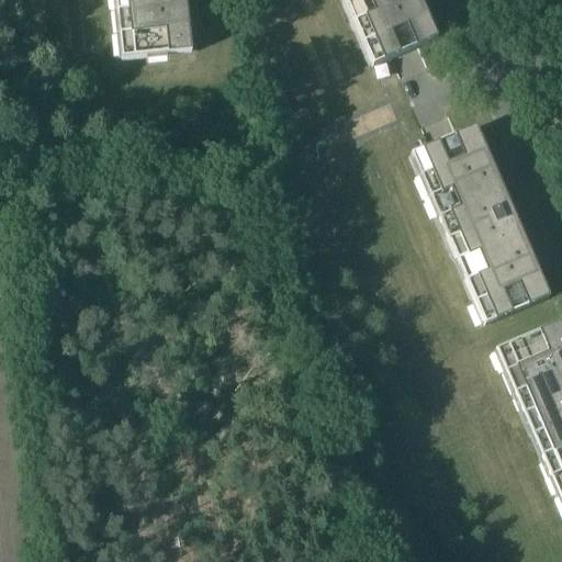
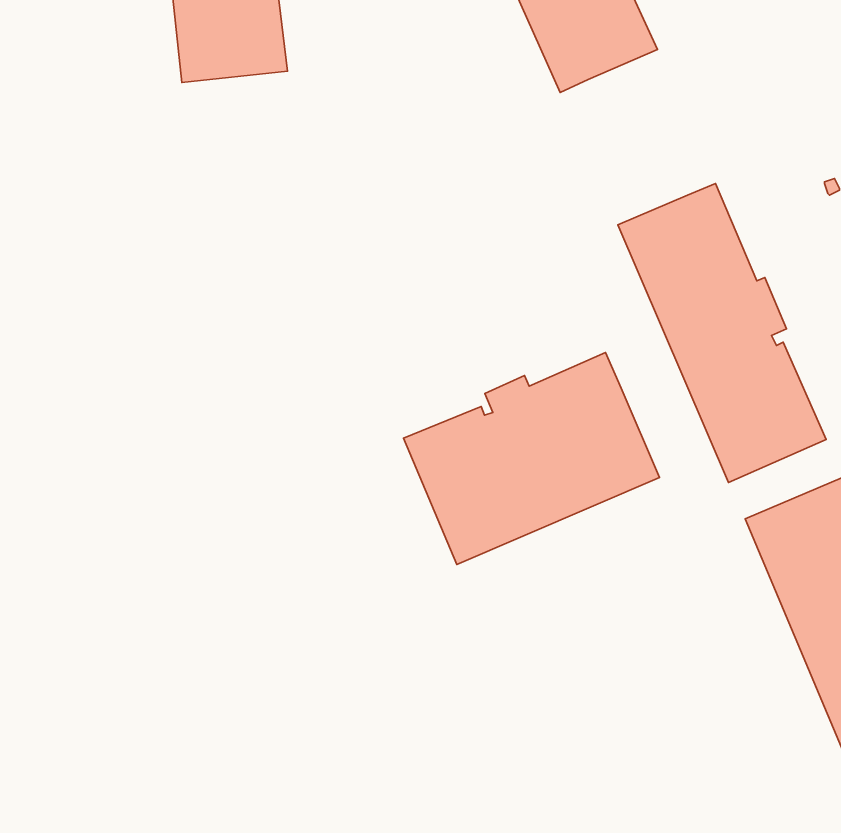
building: none -> [404,353,659,564]

